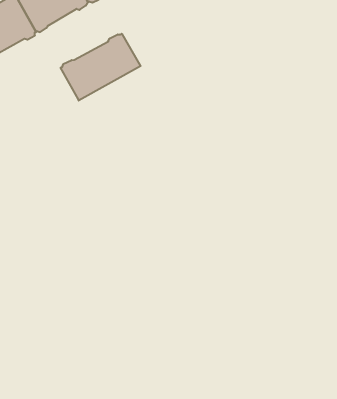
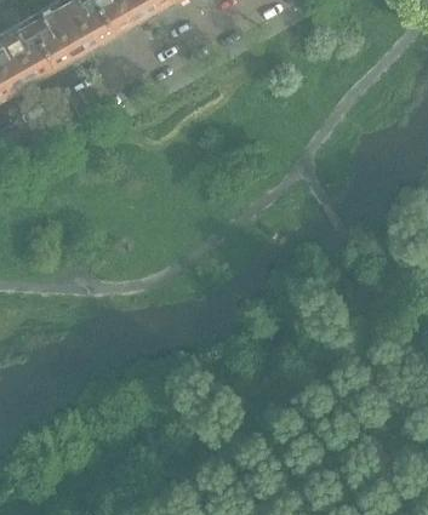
building: [61,34,141,101] -> none

